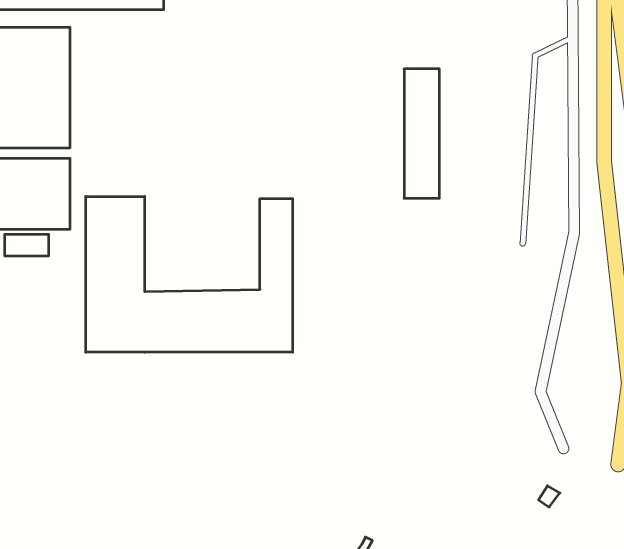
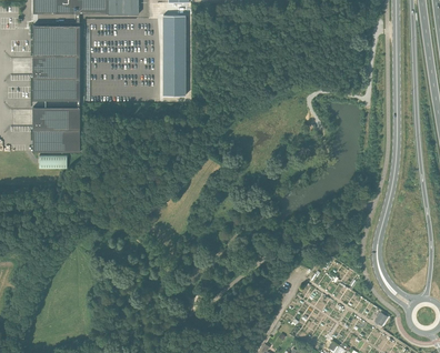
building: [404,69,439,198] -> [162,14,184,95]
building: [86,196,293,352] -> none

